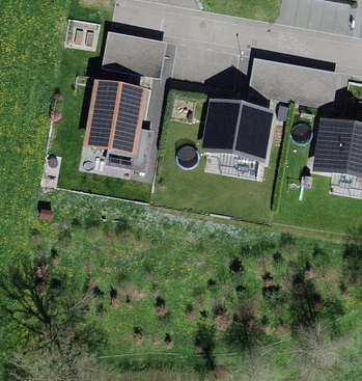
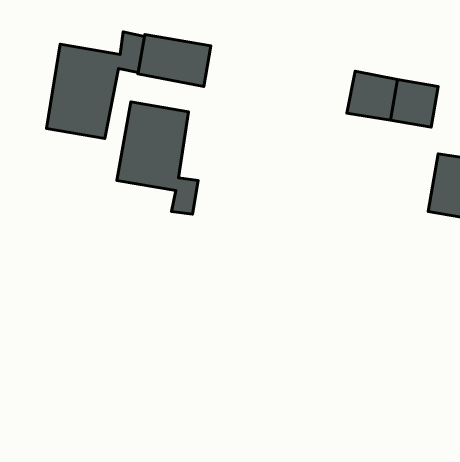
building: none -> [46,32,144,139]
building: [207,107,270,162] -> none

